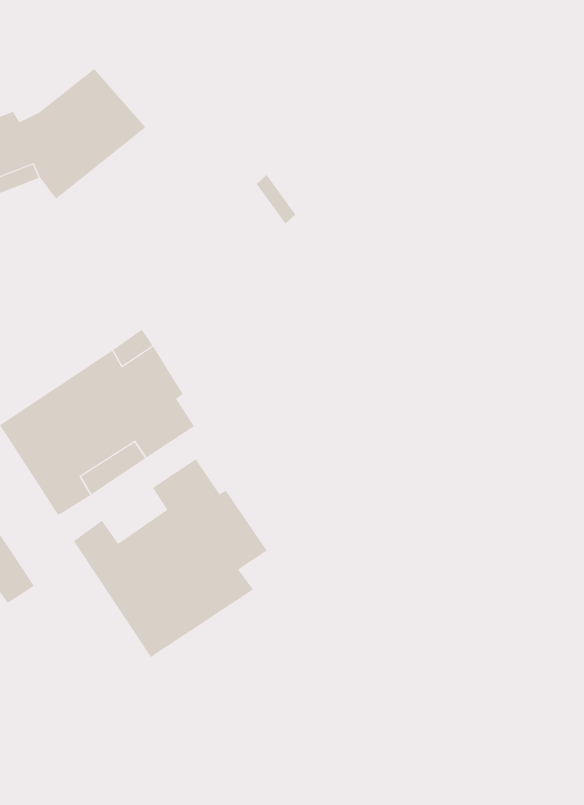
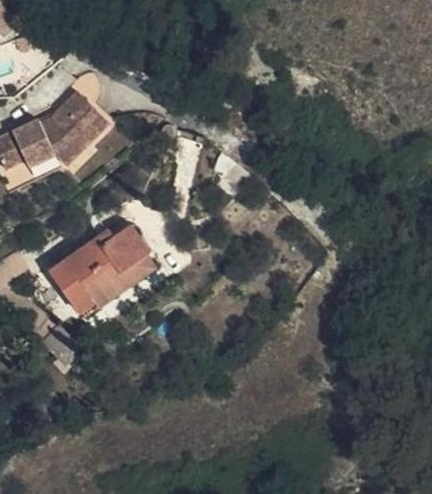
building: [73,458,268,658] -> none

